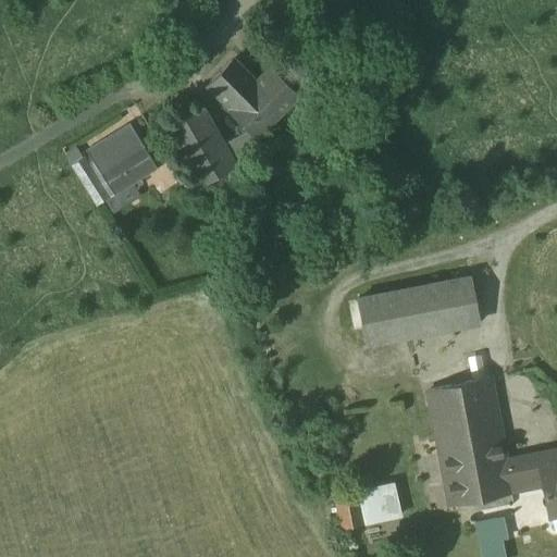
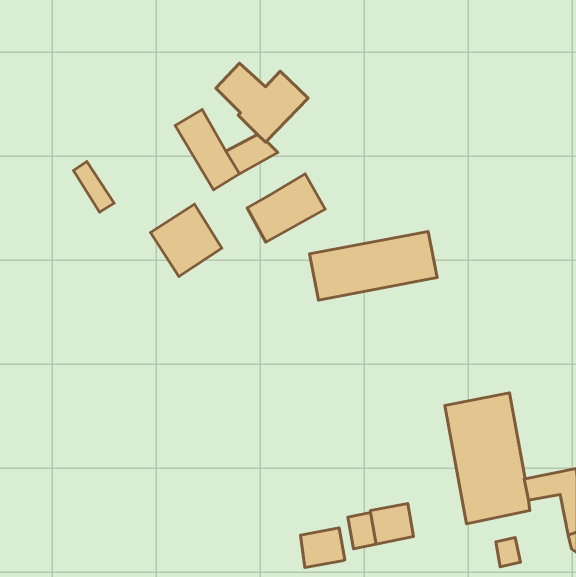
building: [88,124,157,194] -> [151,204,222,276]
building: none -> [247,174,325,242]
building: [358,277,481,344] -> [310,231,437,300]
building: none -> [300,528,345,568]

